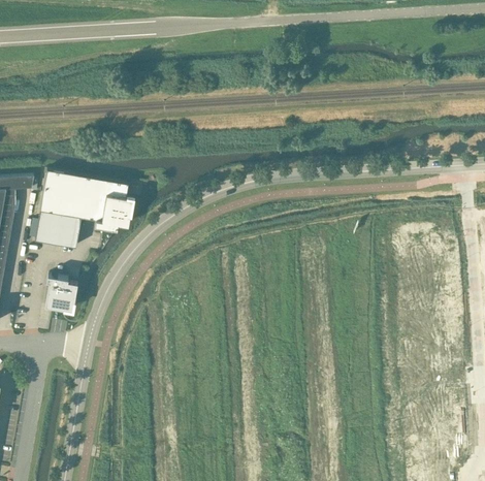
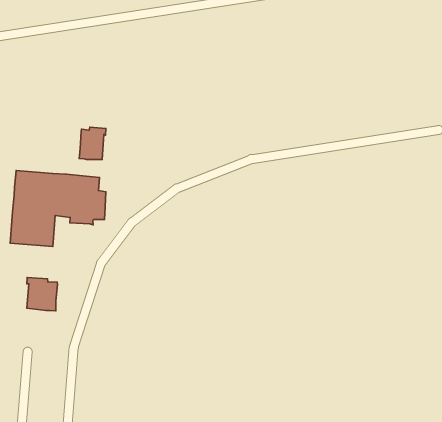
building: none -> [79,127,106,160]

